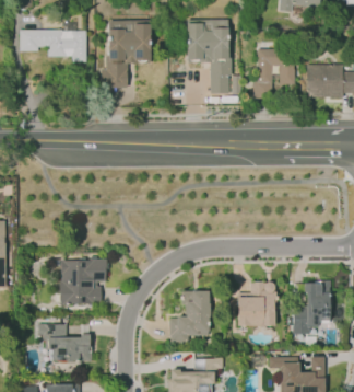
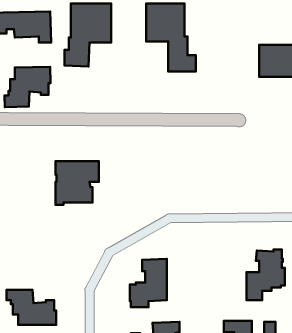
building: [252,50,295,100] -> none
building: none -> [5,67,50,107]
building: [61,260,107,305] -> [55,161,99,205]
building: [238,281,275,325] -> none

